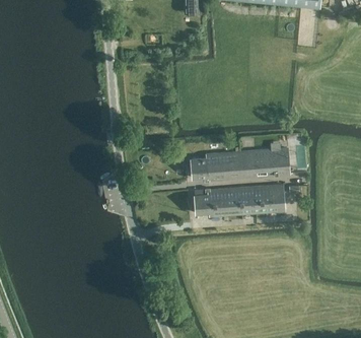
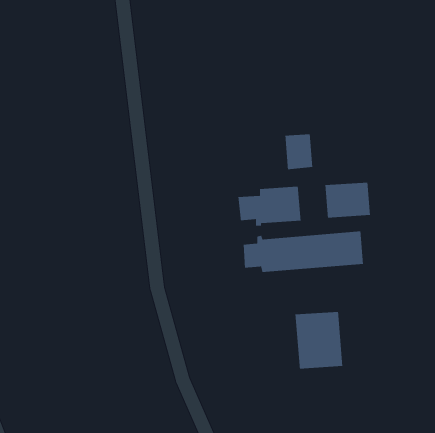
building: [236,148,258,176] -> [285,134,313,170]
building: none -> [295,311,343,369]

